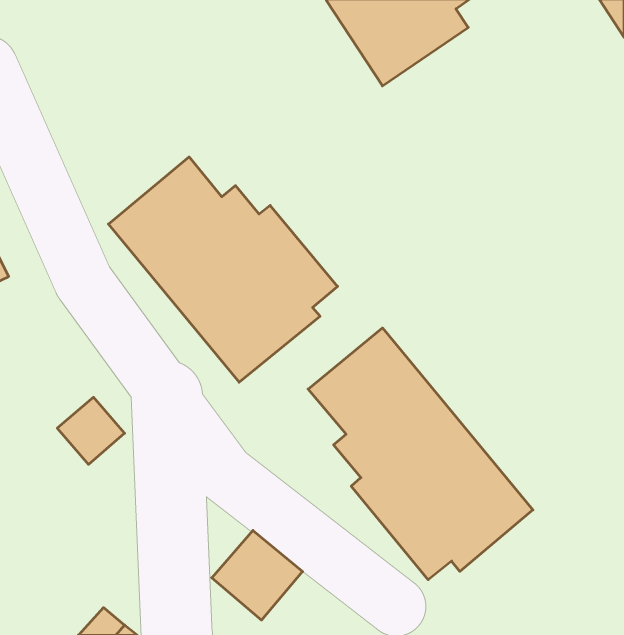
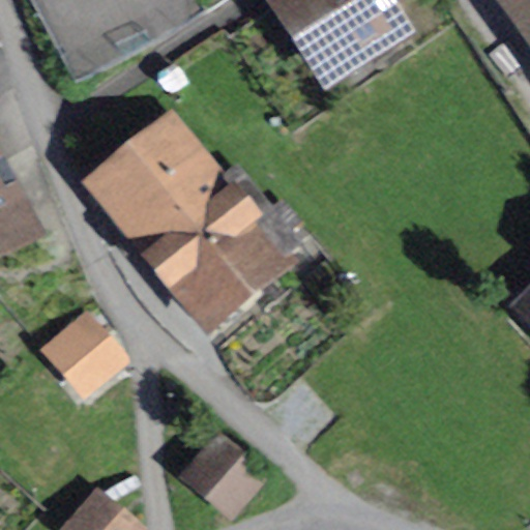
building: [308,328,533,580] -> none

